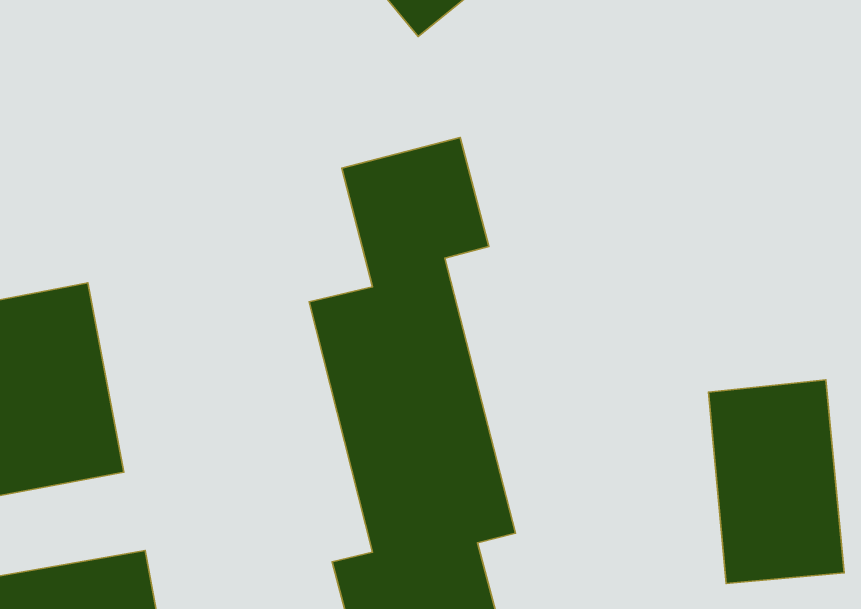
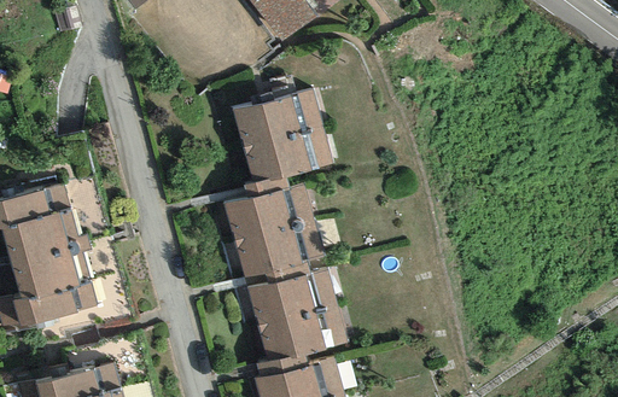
building: [709,380,844,583] -> none

